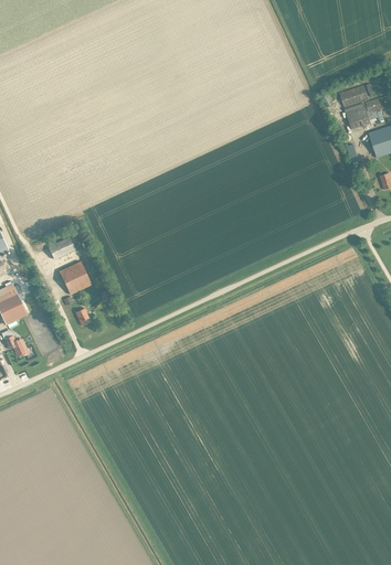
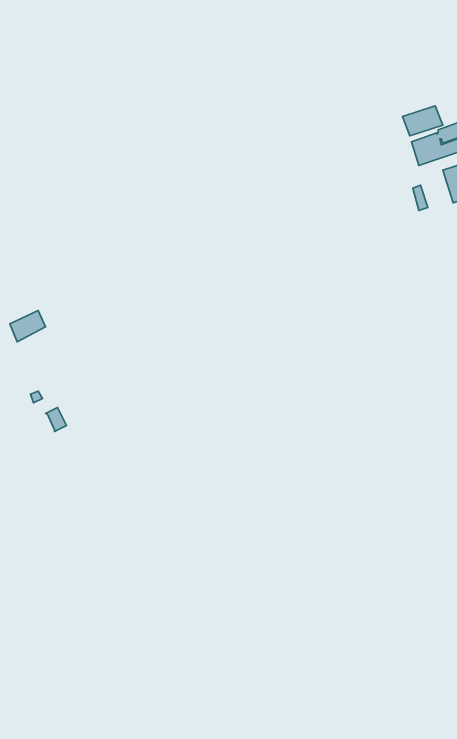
building: [59,260,89,294] -> none

